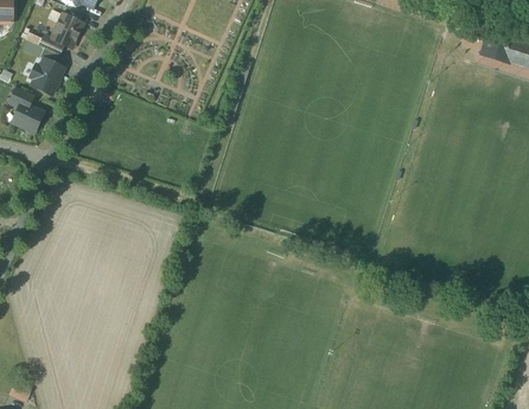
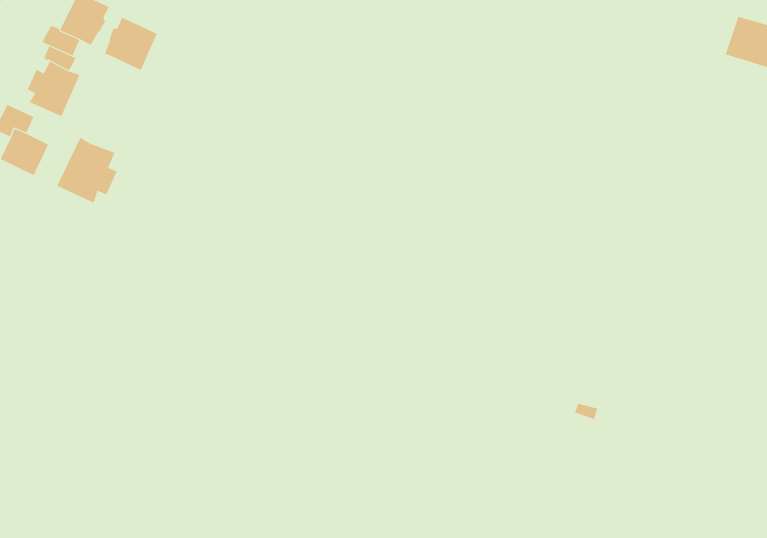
building: none -> [105,17,157,71]
building: none -> [57,137,118,204]

